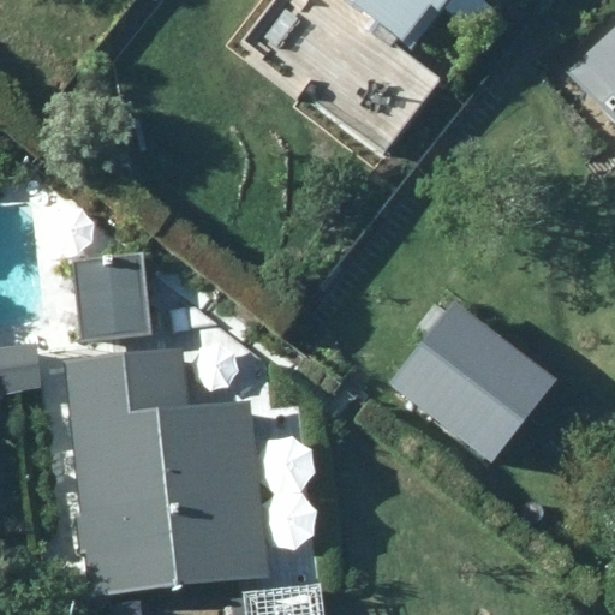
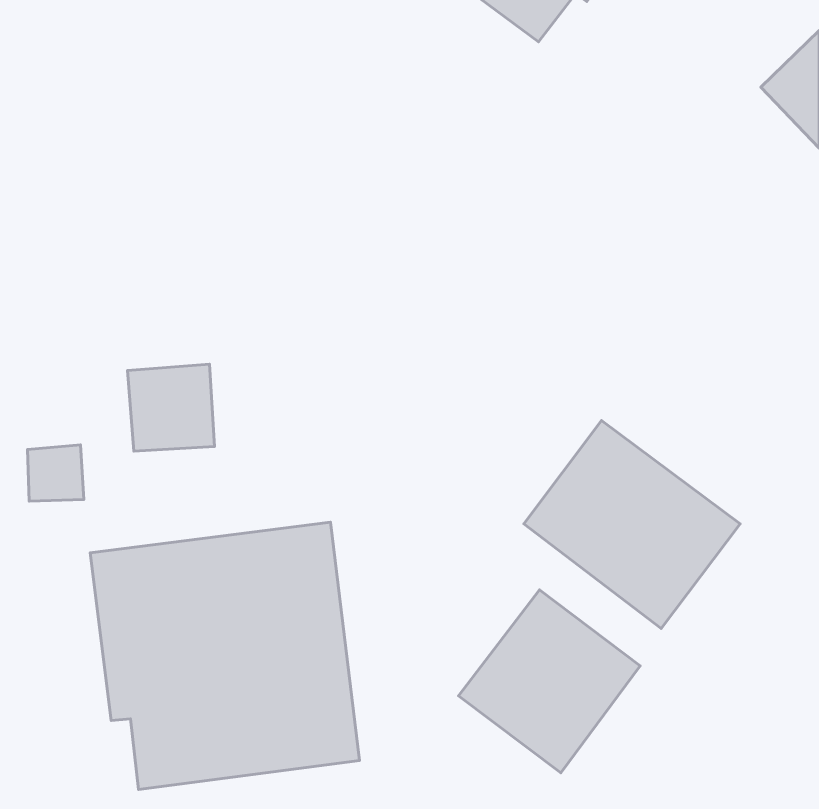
building: none -> [458,590,640,773]

